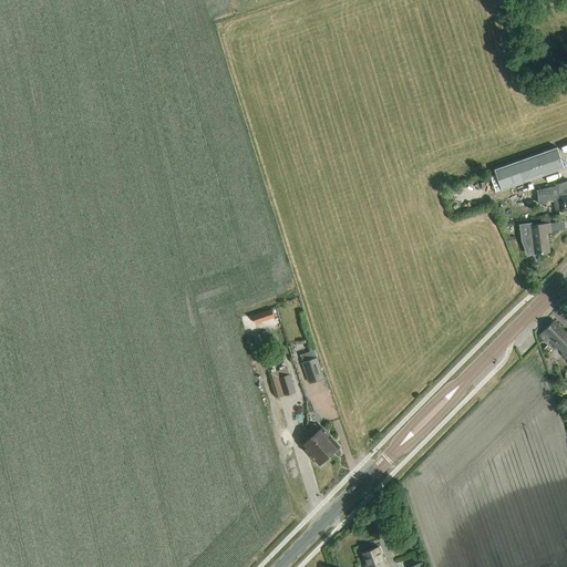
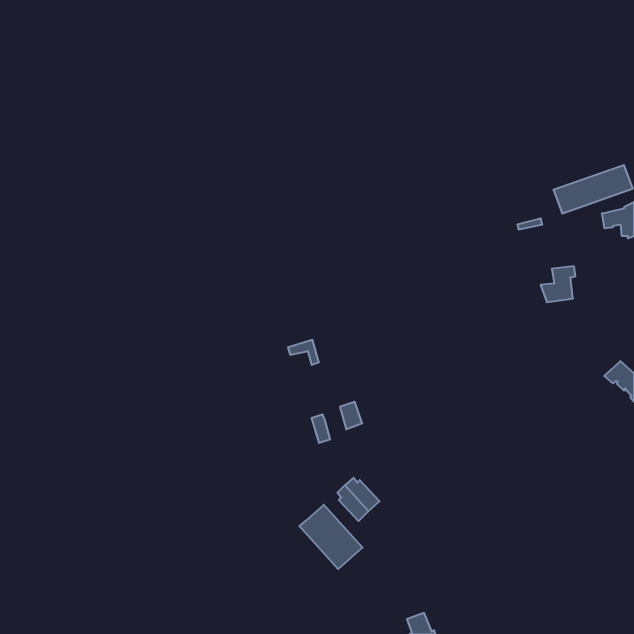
building: [520,224,551,256] -> [541,266,575,302]
building: none -> [299,505,363,569]

